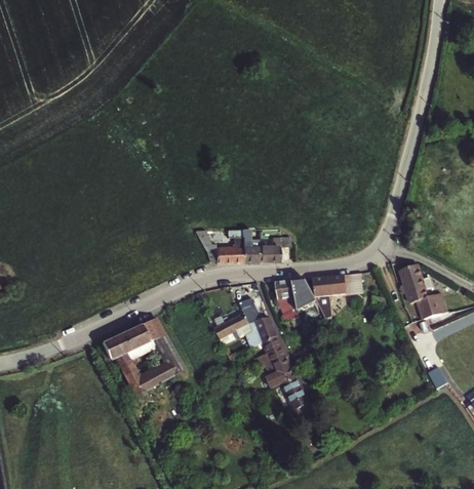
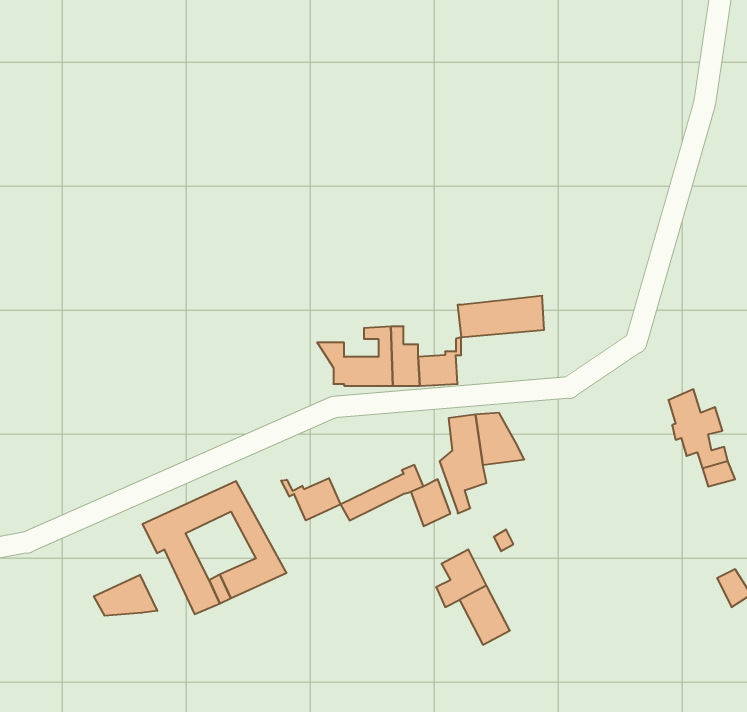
building: [313,273,362,296] -> [458,296,544,337]
building: none -> [281,478,341,520]
building: [262,335,287,364] -> none
building: none -> [94,575,157,616]

